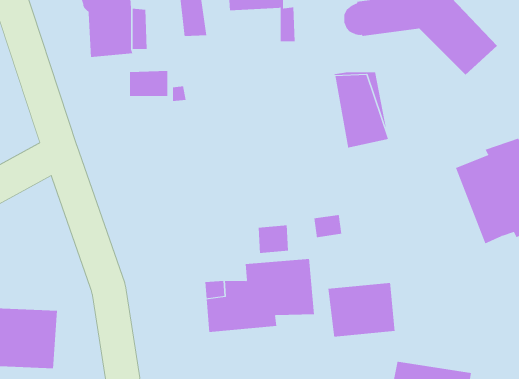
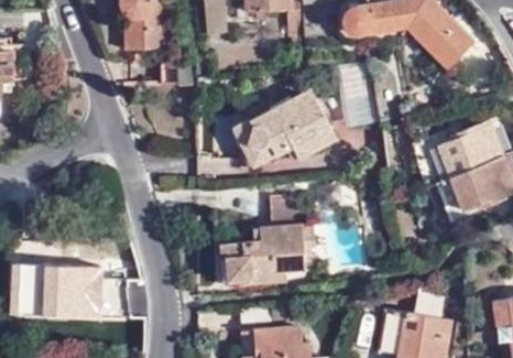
building: none -> [232,97,334,165]
building: [328,282,395,337] -> none

